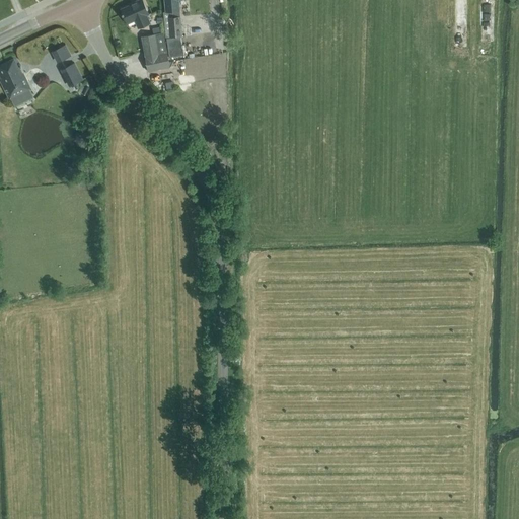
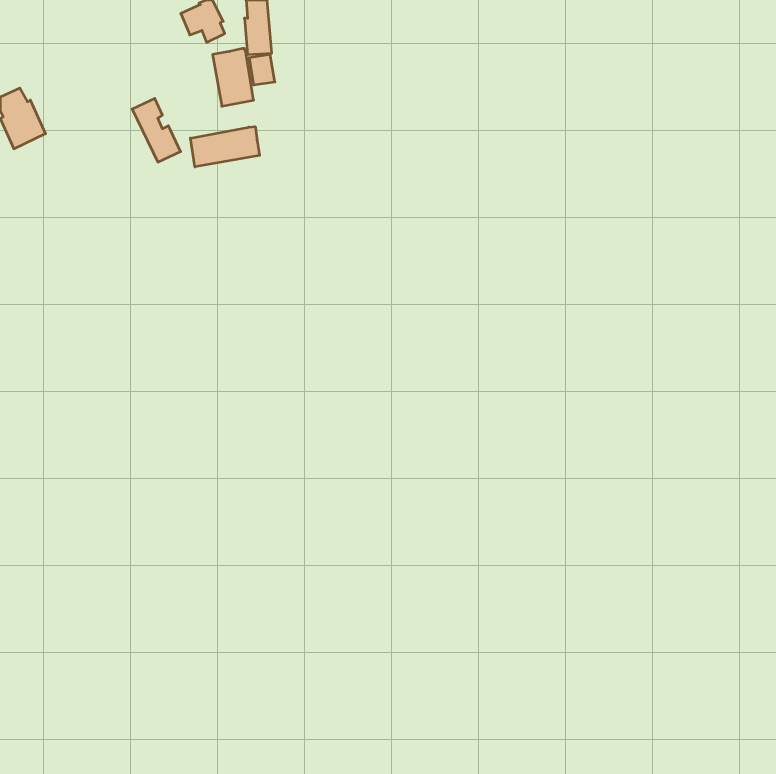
building: [51,46,83,88] -> [132,98,181,162]
building: none -> [190,127,260,167]

